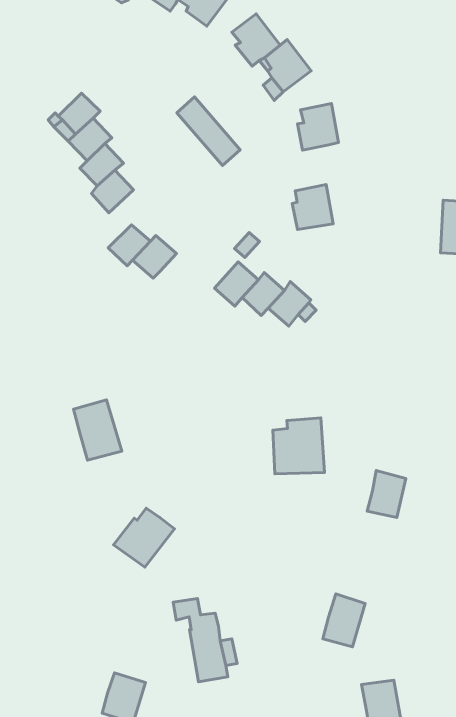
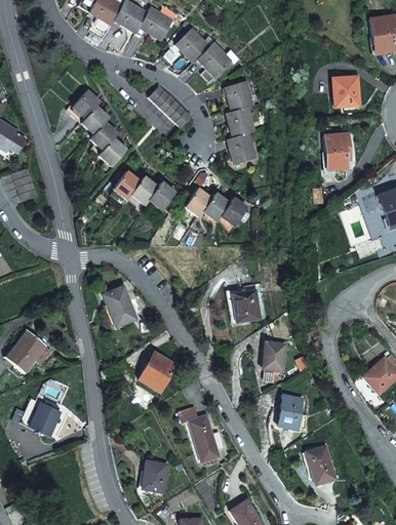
building: none -> [228,108,255,138]
building: none -> [149,183,175,210]
building: [367,470,406,517] -> [262,341,284,370]

